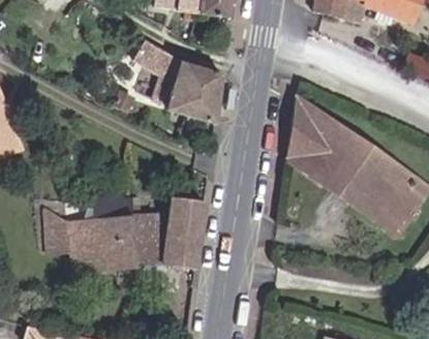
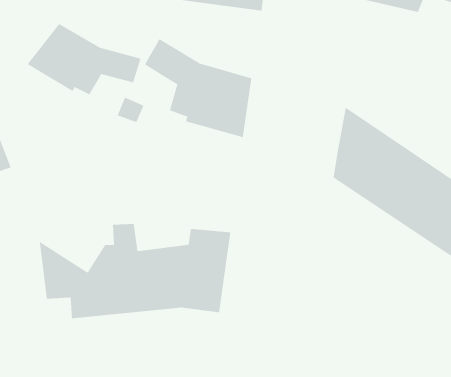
building: none -> [27,23,141,95]

